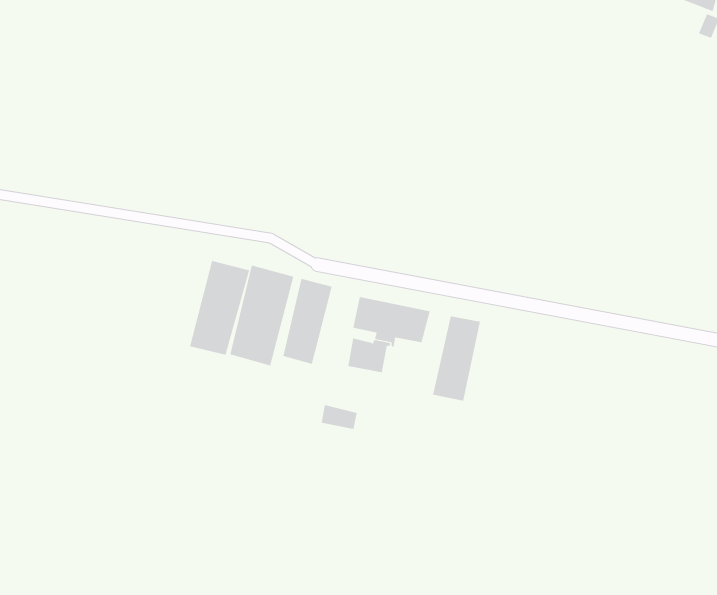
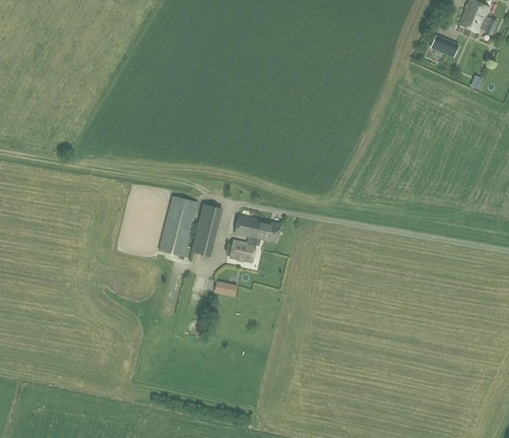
building: [190,260,250,355] -> none
building: [432,316,480,401] -> none

